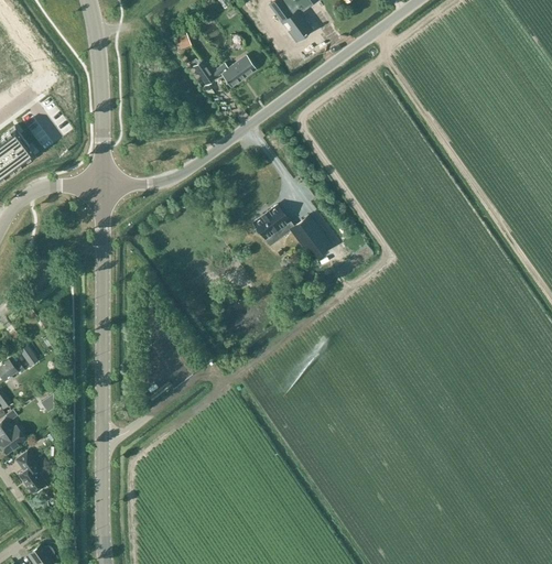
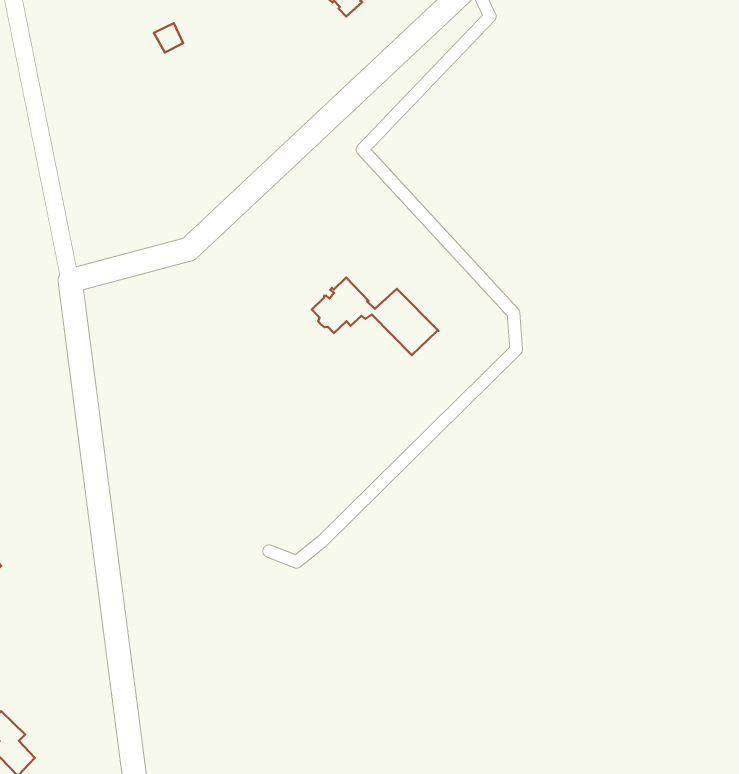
building: [193,56,256,87] -> none

